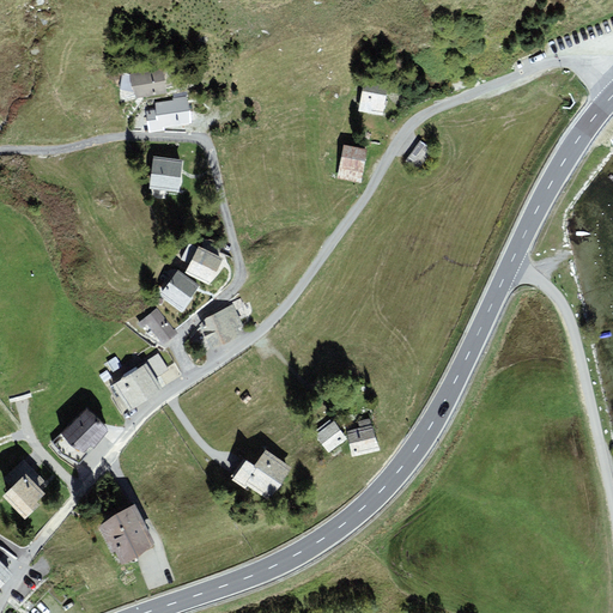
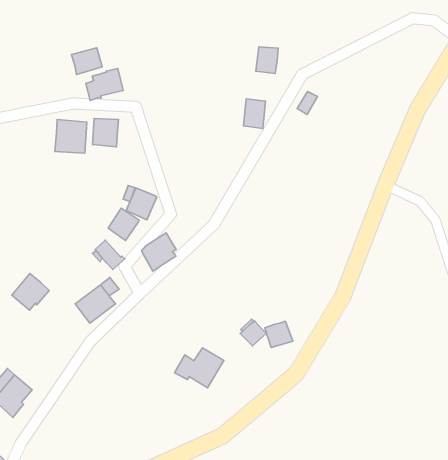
building: none -> [55,119,87,153]
building: [61,408,108,454] -> [12,274,49,310]
building: [97,504,153,565] -> none

